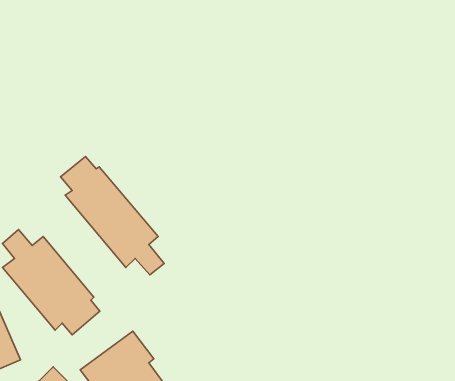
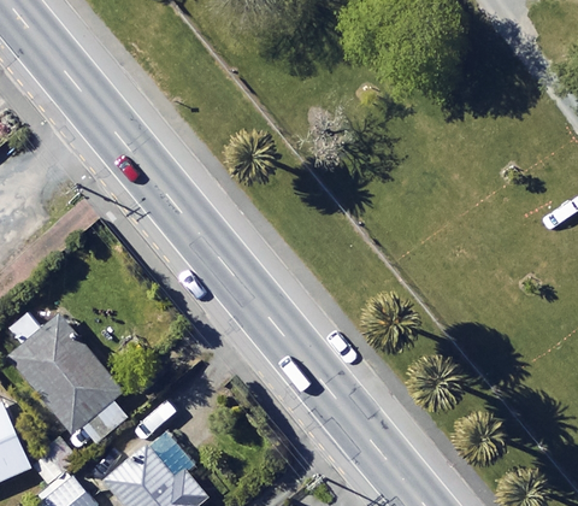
building: [61,156,164,275] -> none

